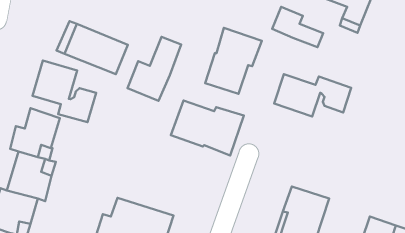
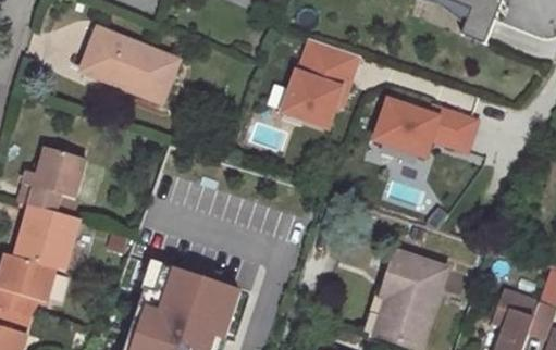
building: [272,7,323,47] -> none
building: [127,37,181,101] -> none
building: [32,60,96,122] -> none
building: [171,101,244,155] -> none

